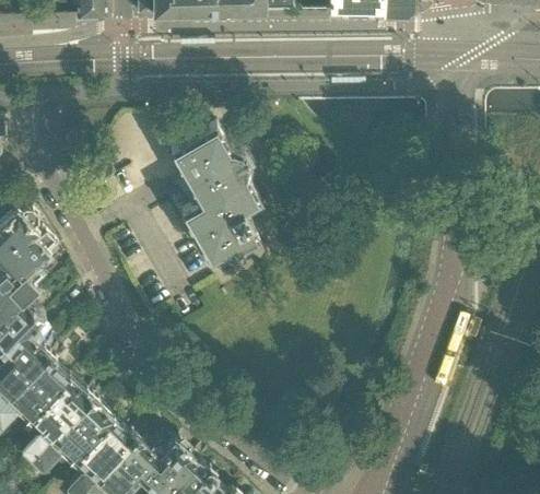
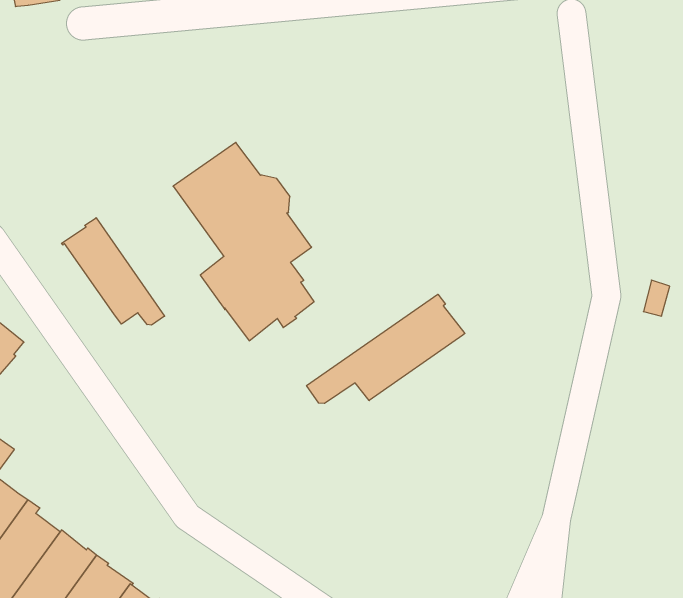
building: none -> [62,218,165,325]
building: none -> [307,294,465,403]

